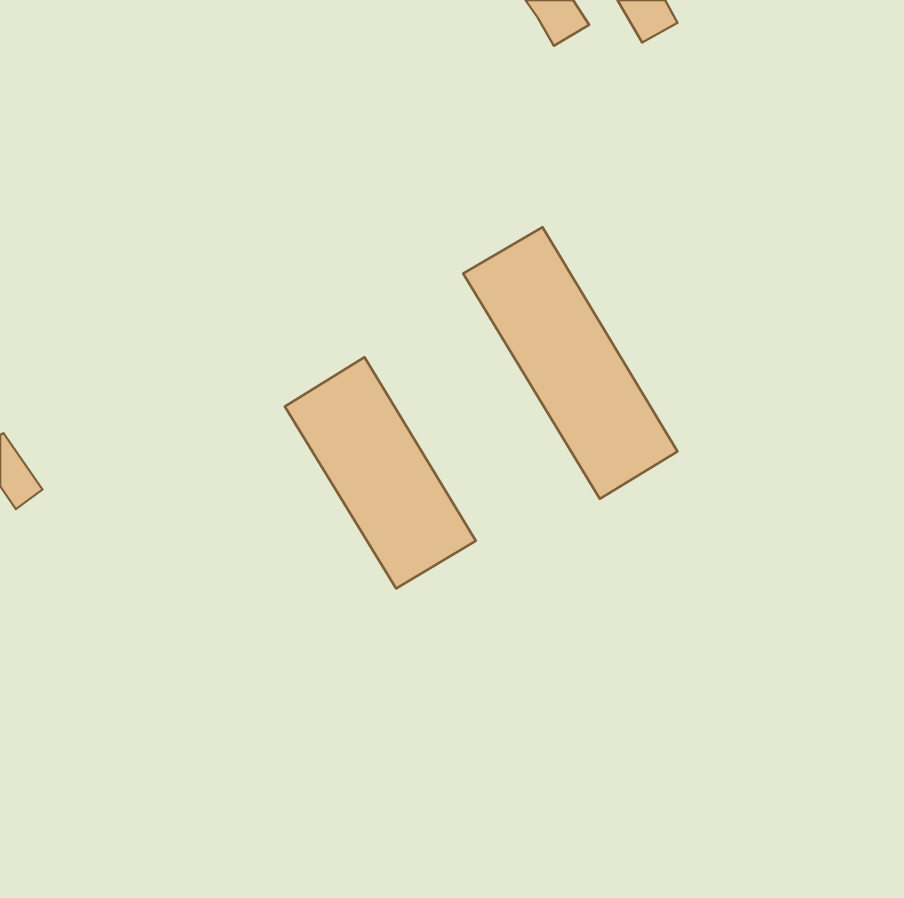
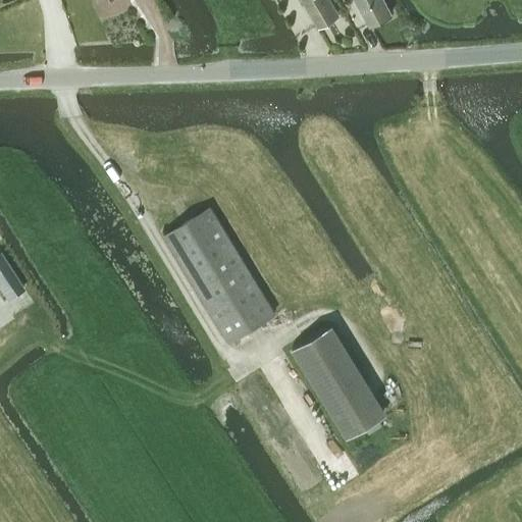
building: [463,227,677,499] -> none
building: none -> [292,330,381,441]

